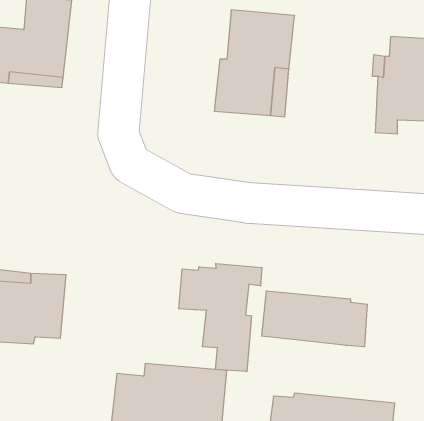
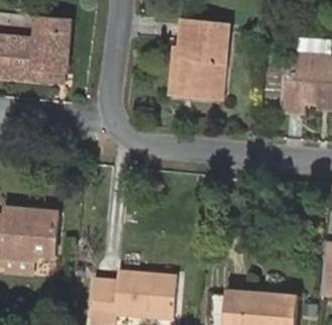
building: [179,263,262,372] -> none
building: [262,291,367,347] -> none

